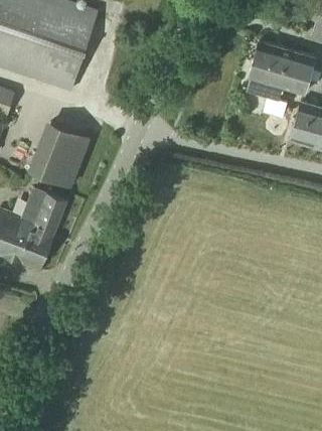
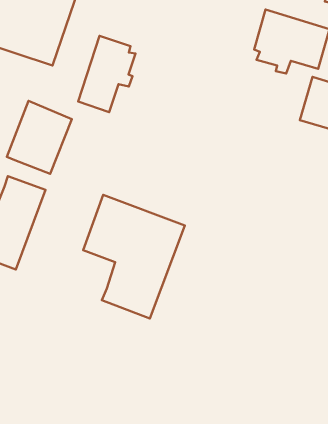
building: none -> [78,36,136,112]
building: none -> [83,195,185,319]

